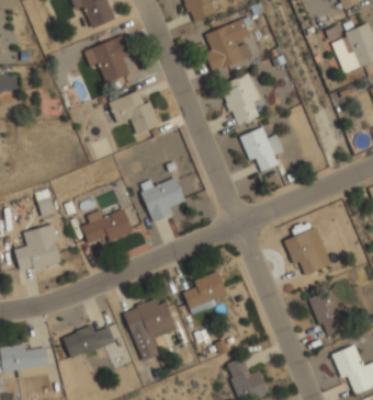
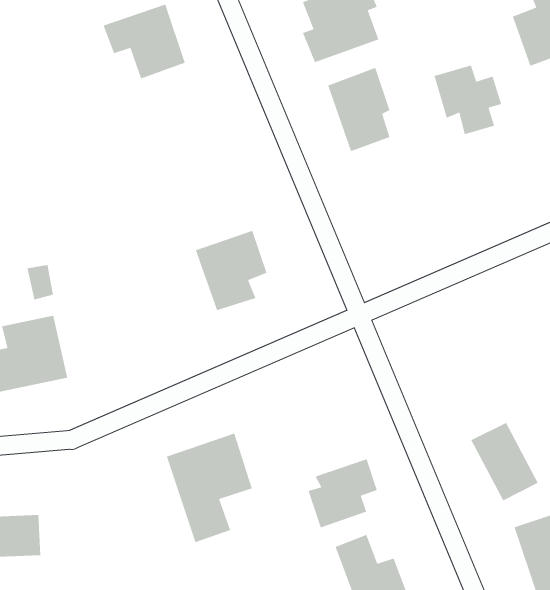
building: [111,89,160,135] -> none
building: [241,129,283,172] -> [433,65,502,135]
building: [82,208,133,247] -> none
building: [285,232,328,277] -> none
building: [183,272,226,315] -> [307,458,378,529]
building: [63,325,122,358] -> none

